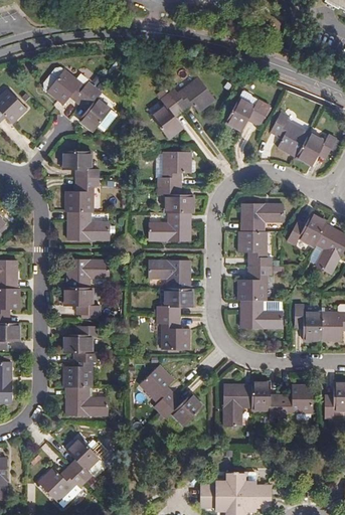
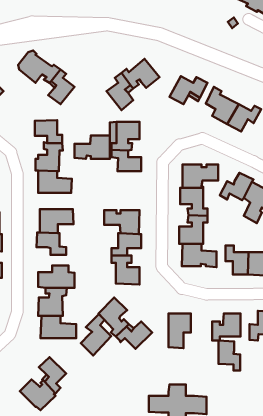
building: [146,211,189,239] -> [74,136,110,159]
building: [251,381,278,417] -> [219,341,240,370]
building: none -> [81,314,111,356]

